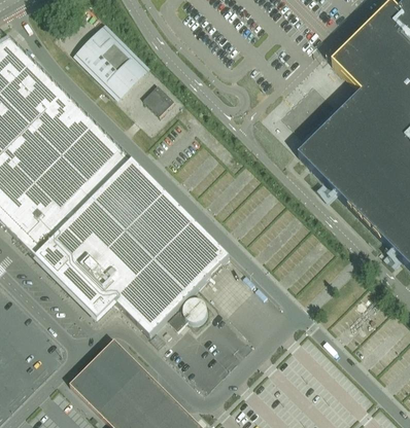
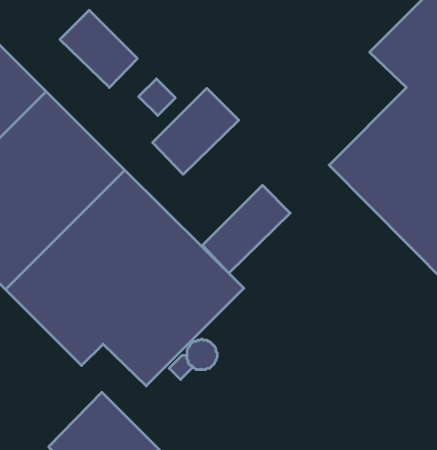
building: none -> [153,88,239,174]
building: none -> [202,185,290,273]

